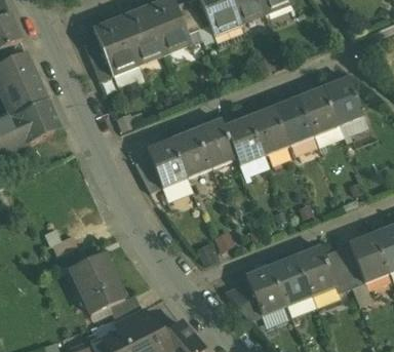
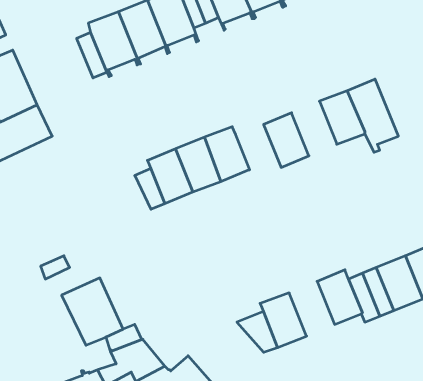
building: [273,96,313,145] -> none
building: [224,117,264,164] -> none
building: [271,256,311,304] -> none

